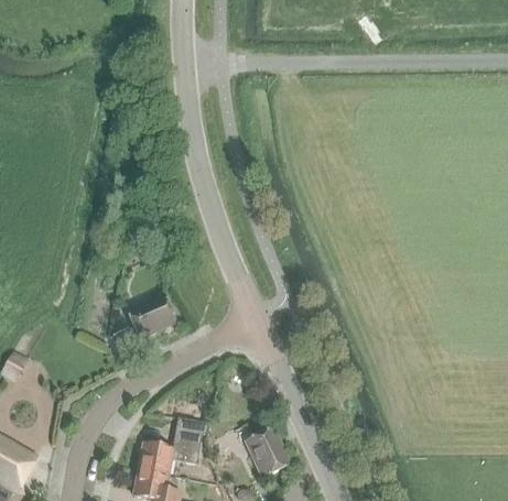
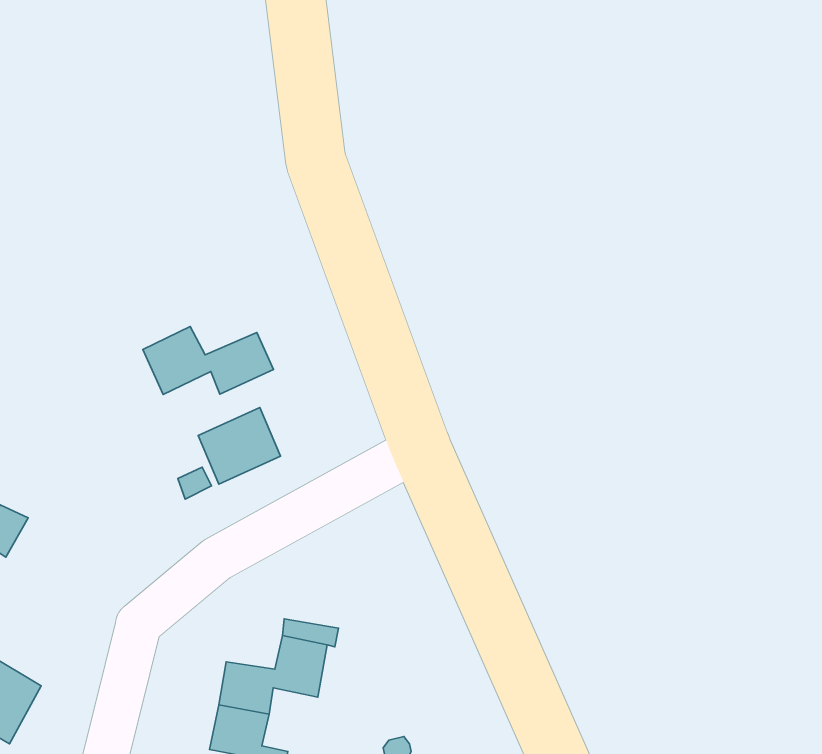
building: none -> [143,326,274,394]
building: [246,427,290,476] -> none

